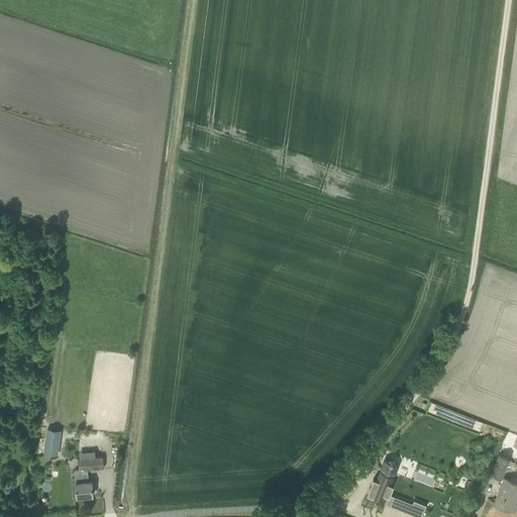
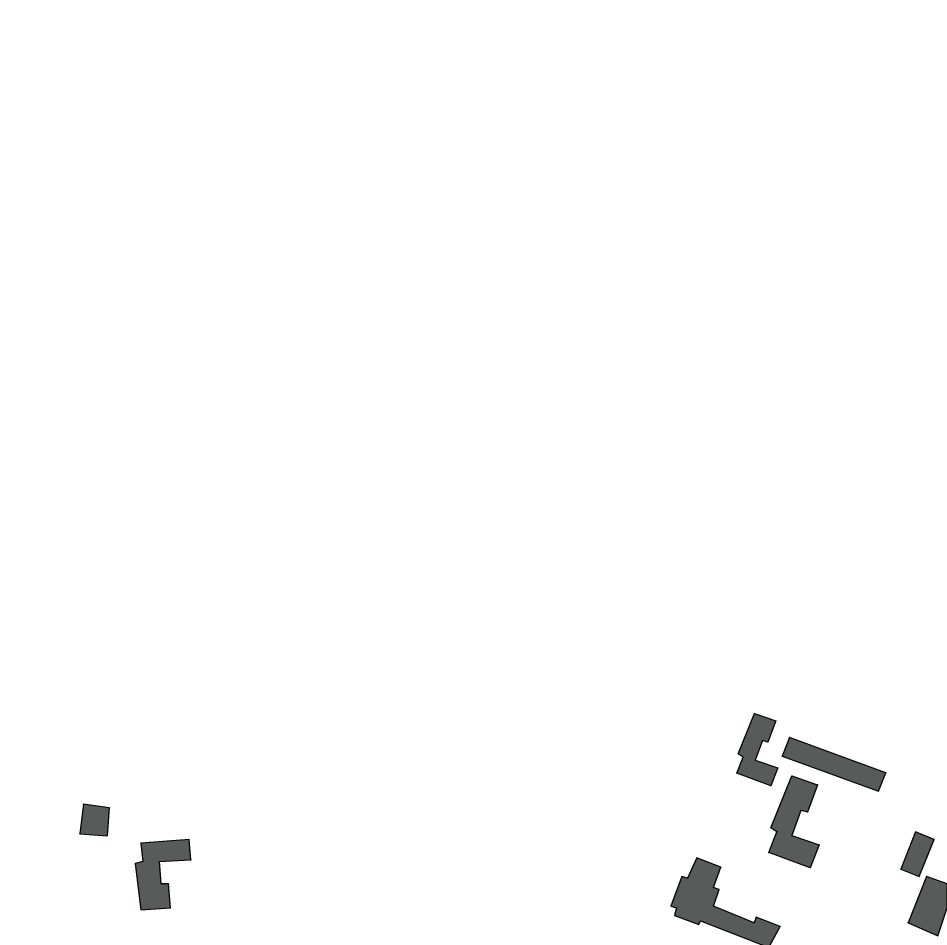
building: none -> [737,714,778,786]
building: none -> [769,776,819,868]

